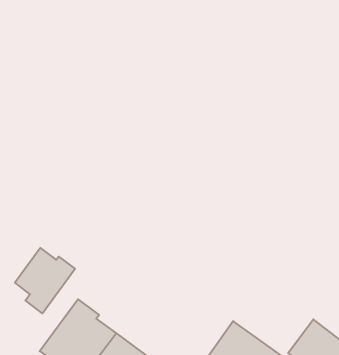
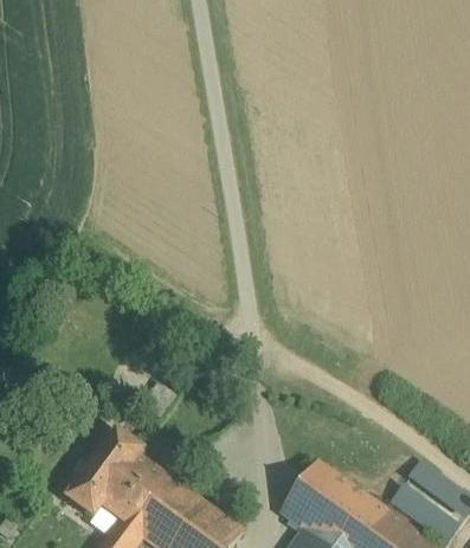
building: [15,248,75,313] -> none

